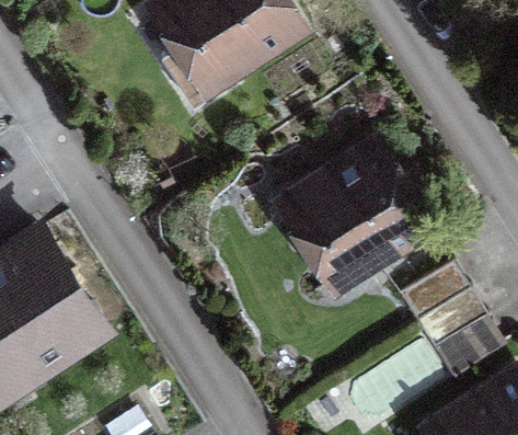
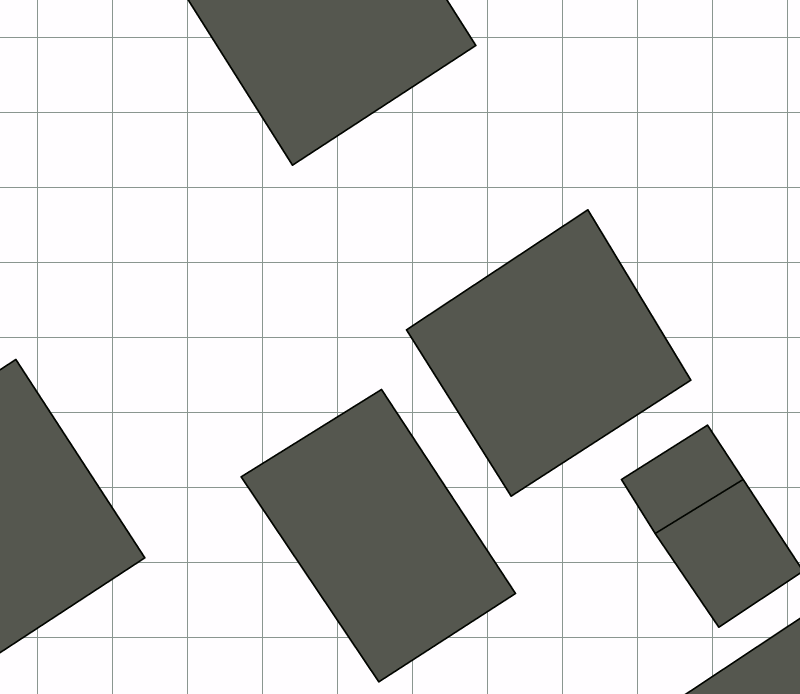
building: none -> [241,389,515,682]

